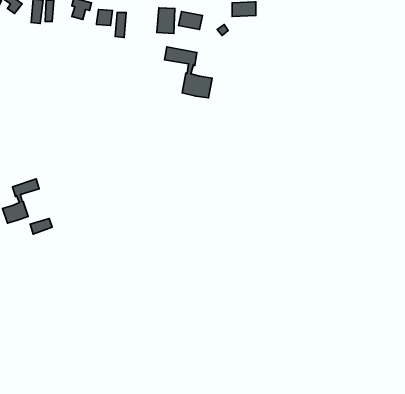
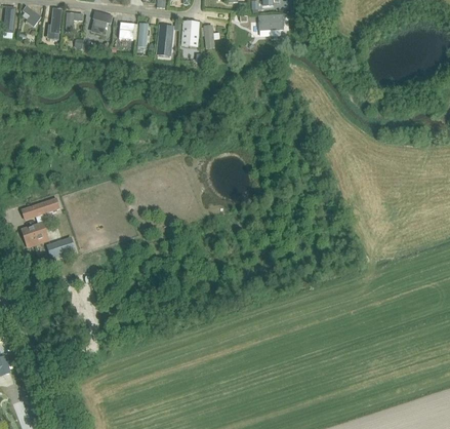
building: none -> [157,23,174,55]
building: [165,47,212,98] -> none

